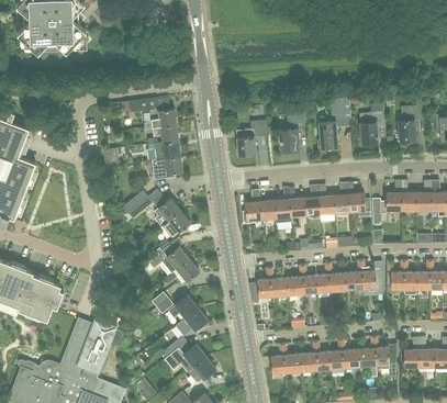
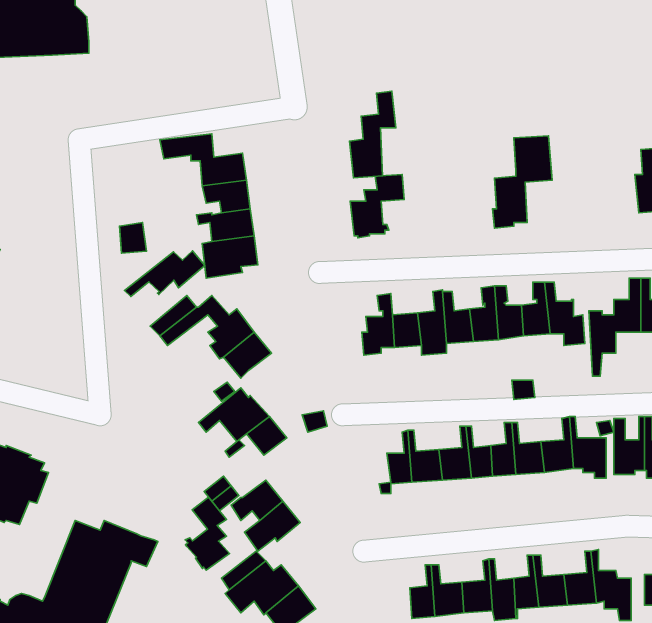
building: [280,102,306,152] -> [350,91,396,178]
building: [359,111,384,146] -> none
building: none -> [125,251,205,296]
building: none -> [185,497,229,570]

